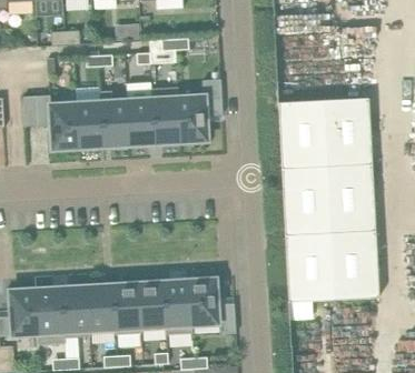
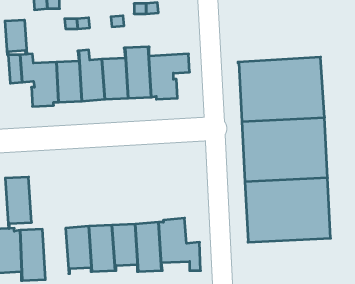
building: none -> [5,20,27,55]
building: [60,286,89,343] -> [5,177,32,228]

